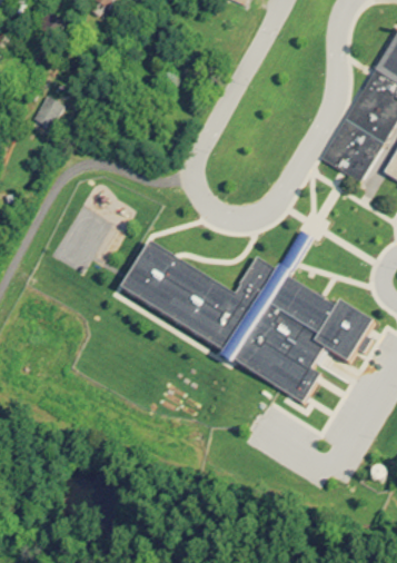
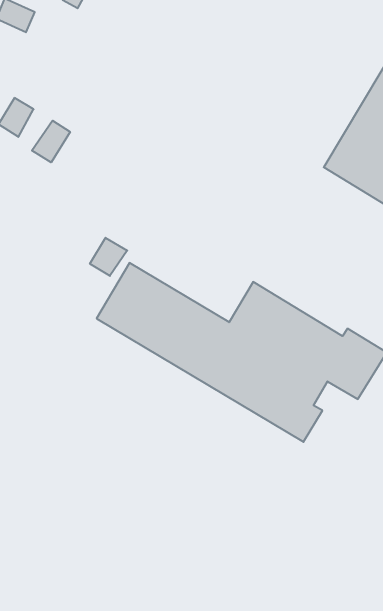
building: none -> [32,121,70,162]
building: none -> [90,238,127,276]

